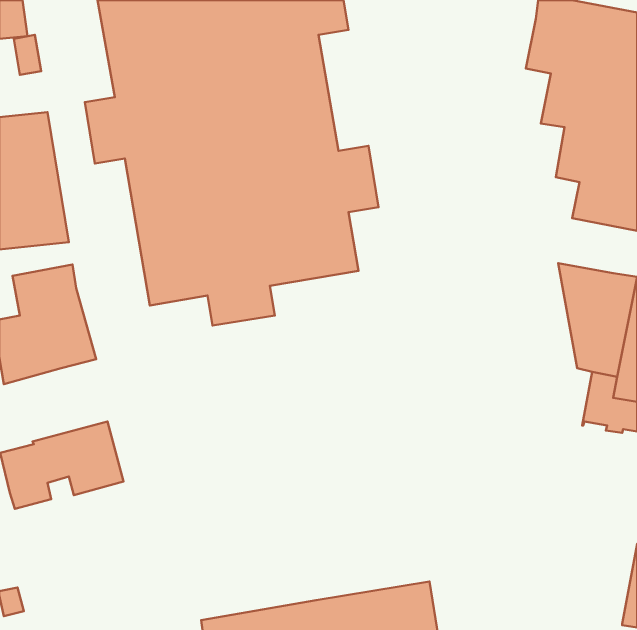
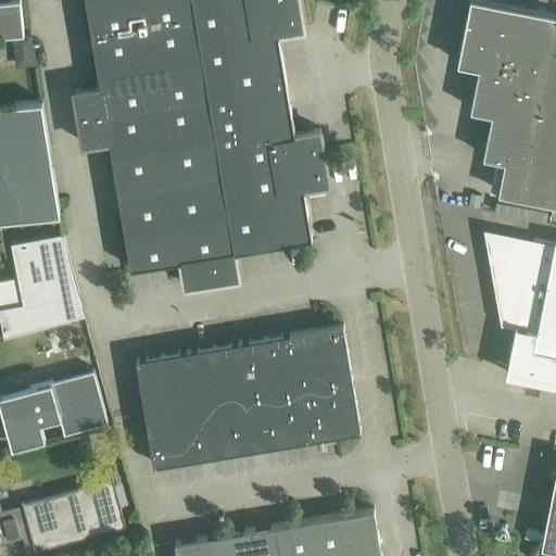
building: none -> [136,329,361,468]
building: none -> [21,482,125,551]

